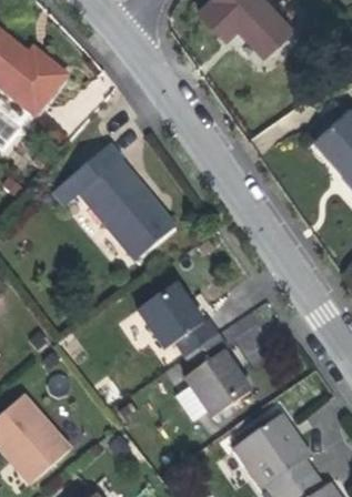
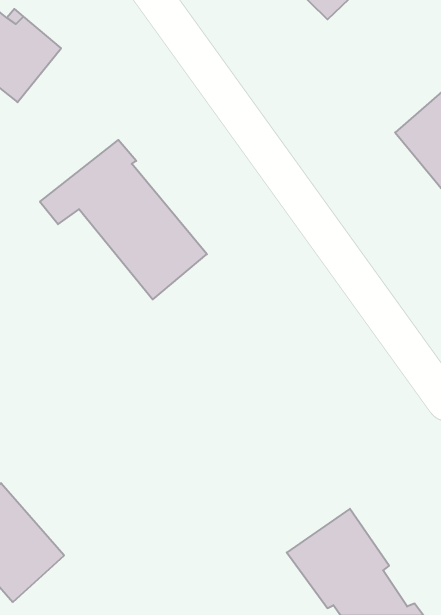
building: [139,283,253,417] -> none

